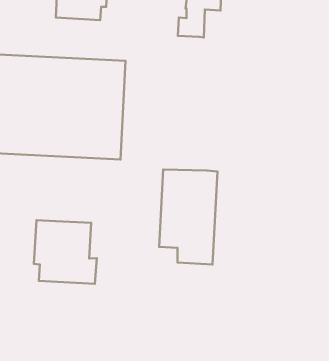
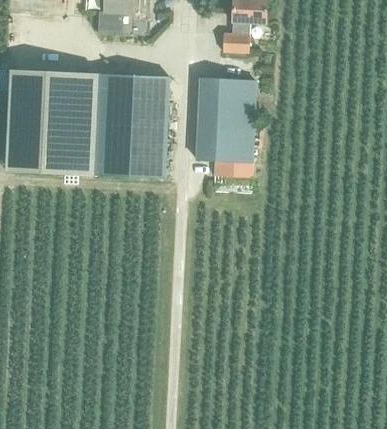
building: [159,170,217,264] -> [196,79,256,177]
building: [34,220,97,284] -> none

